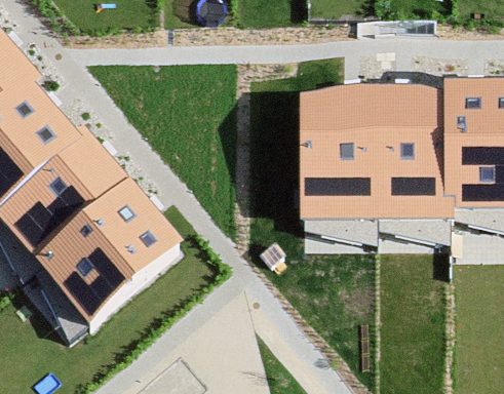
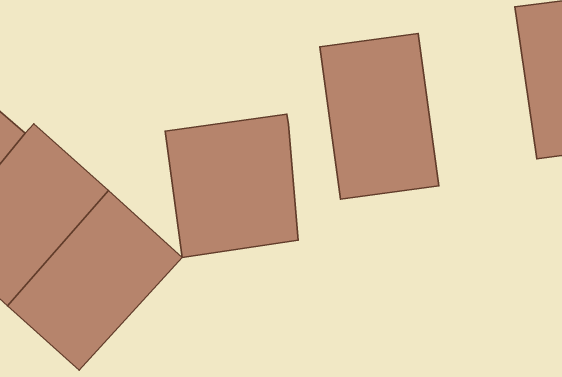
building: [378,97,454,213] -> none
building: none -> [165,114,298,258]

